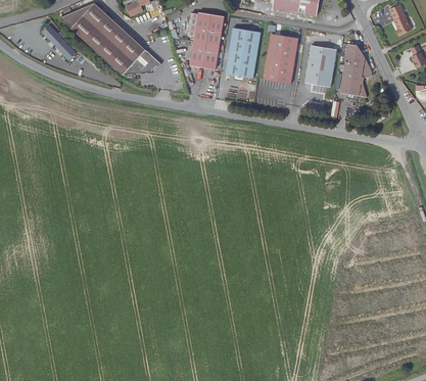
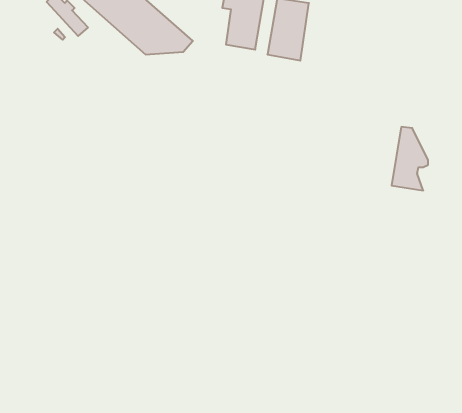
building: [263,34,298,84] -> none
building: [340,43,371,96] -> [392,127,428,190]
building: [304,44,335,86] -> none

